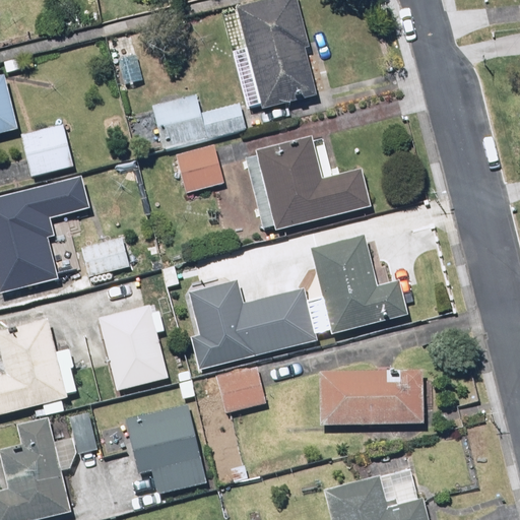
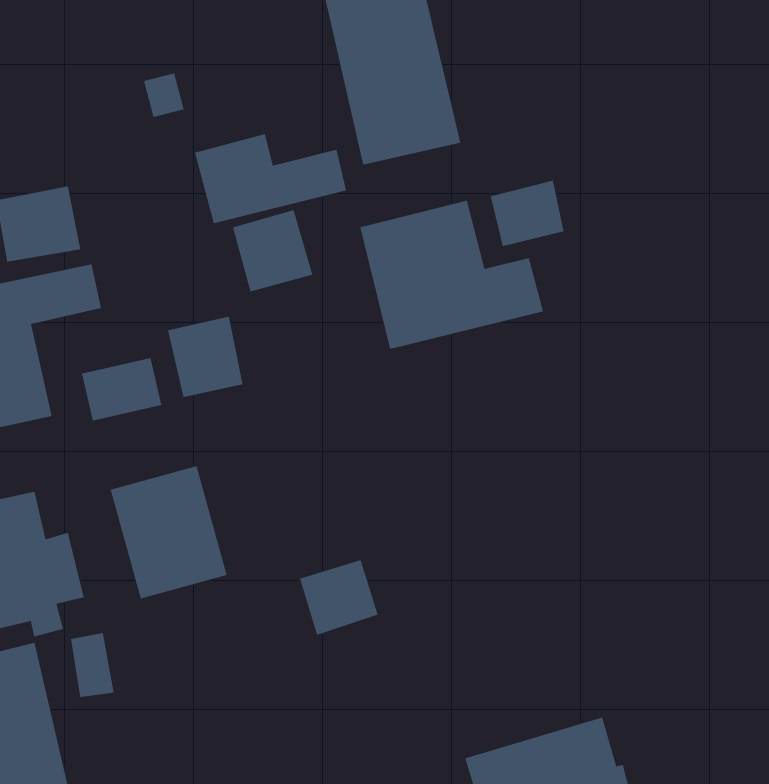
building: none -> [490,180,564,247]
building: none -> [168,316,243,398]
building: [196,238,406,355] -> none
building: [314,369,422,429] -> none
building: [124,413,206,493] -> none

